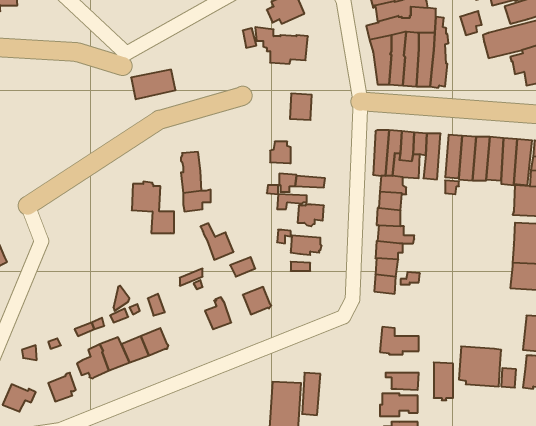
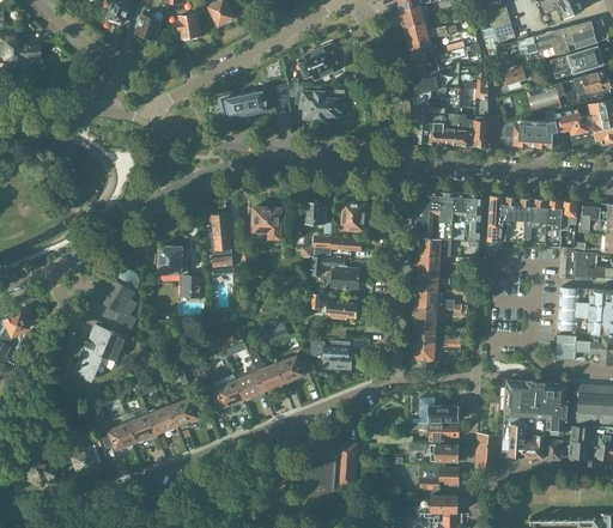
building: none -> [514,119,563,147]
building: [131,70,176,99] -> [221,90,268,121]
building: [290,94,312,120] -> [342,204,365,231]
building: none -> [254,208,281,242]
building: none -> [99,271,139,329]
building: [200,223,234,260] -> [249,353,284,392]
building: none -> [74,324,127,382]
building: none -> [310,340,352,369]
building: none -> [213,374,244,408]
building: none -> [504,381,569,436]
building: none -> [415,423,460,444]

